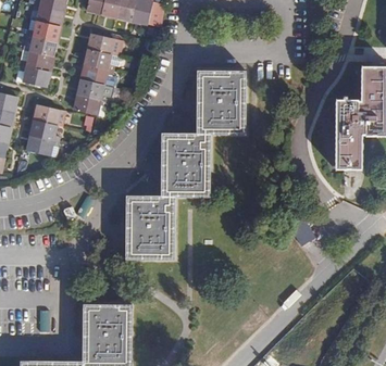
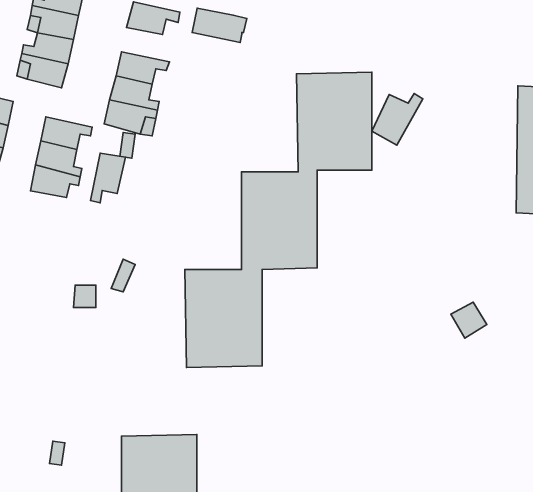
building: [85,48,120,70] -> [192,8,247,43]
building: none -> [372,94,423,145]
building: none -> [91,153,125,203]

